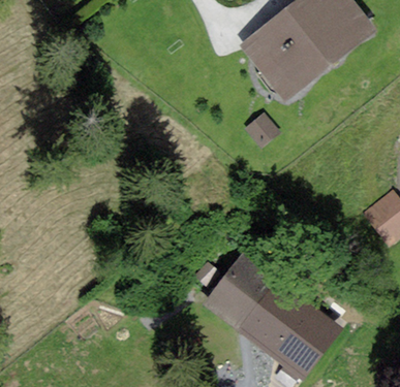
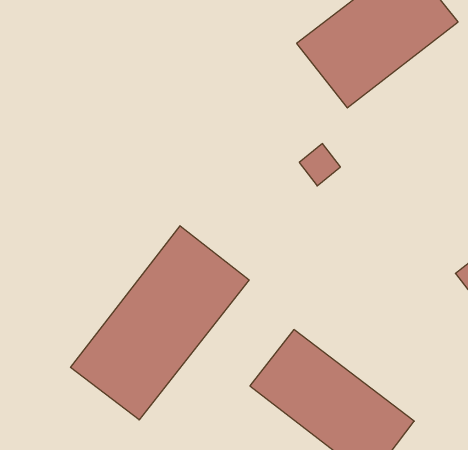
building: none -> [71,226,249,420]

